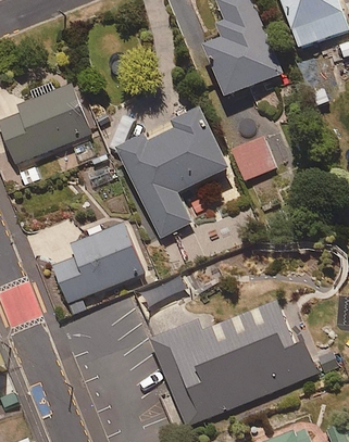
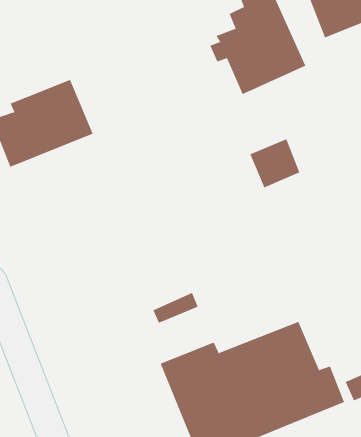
building: [108,108,228,239] -> none
building: [53,222,142,313] -> none

